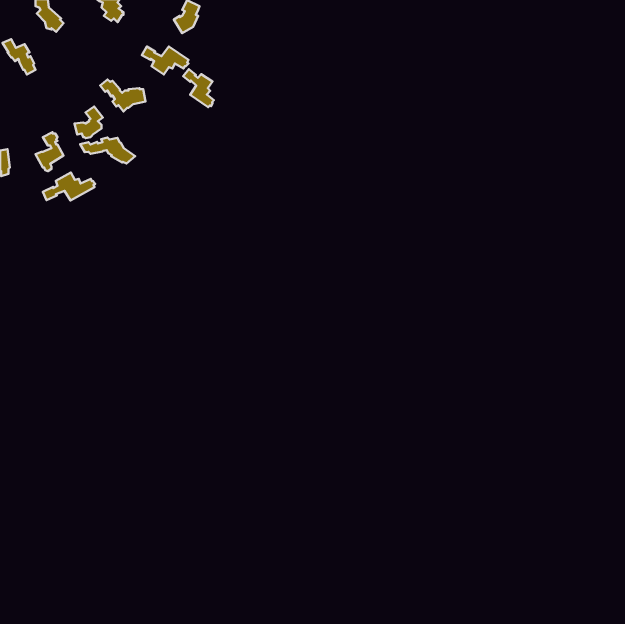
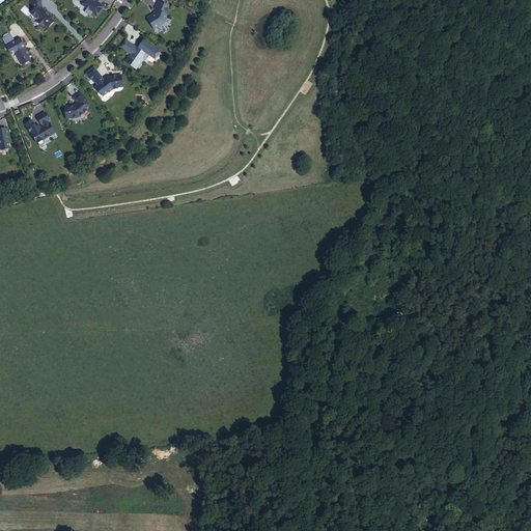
building: [183,69,214,107] -> none
building: [80,138,135,164] -> none
building: [43,173,95,200] -> none

